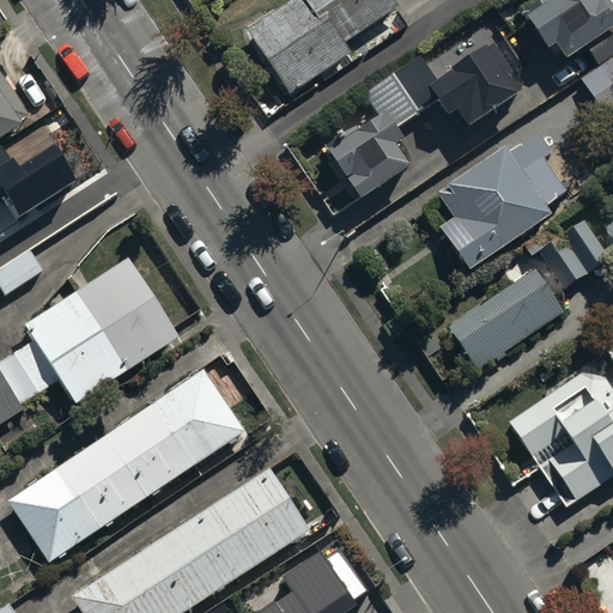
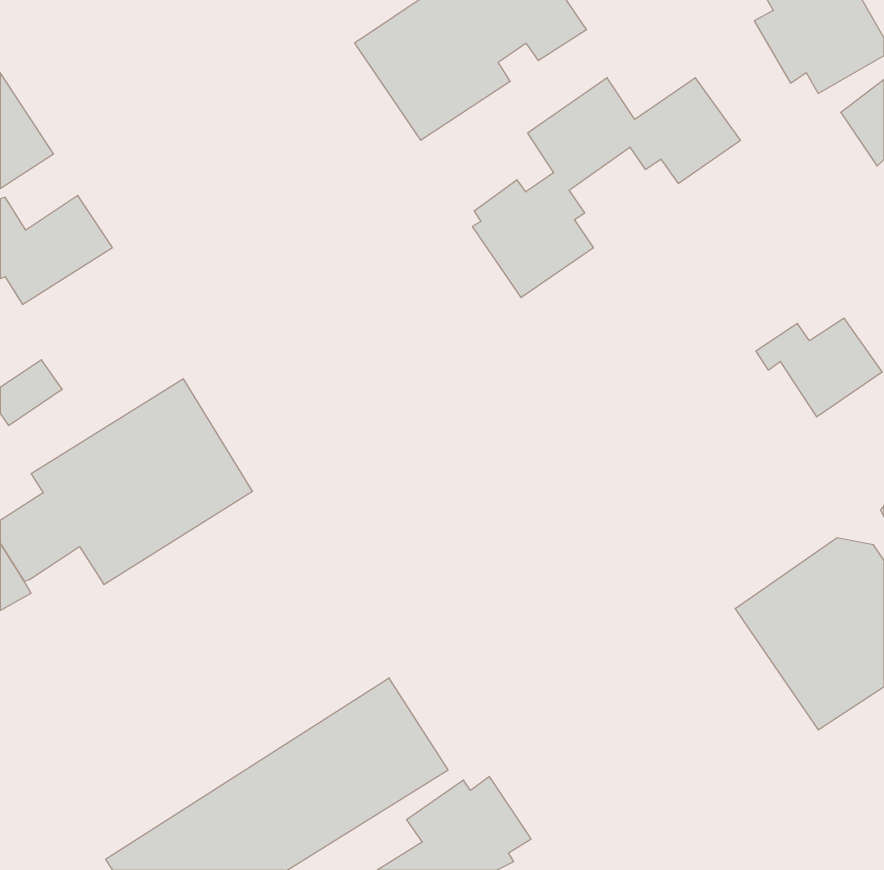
building: [438,127,565,263] -> none
building: [449,268,564,369] -> none
building: [7,370,244,563] -> none

